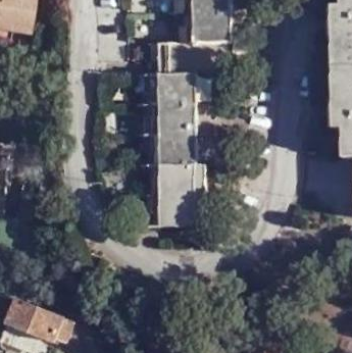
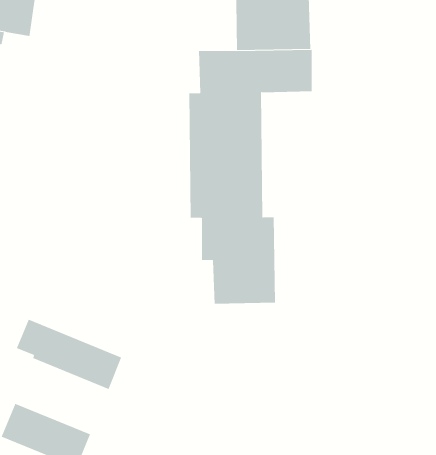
building: none -> [16,319,122,390]

